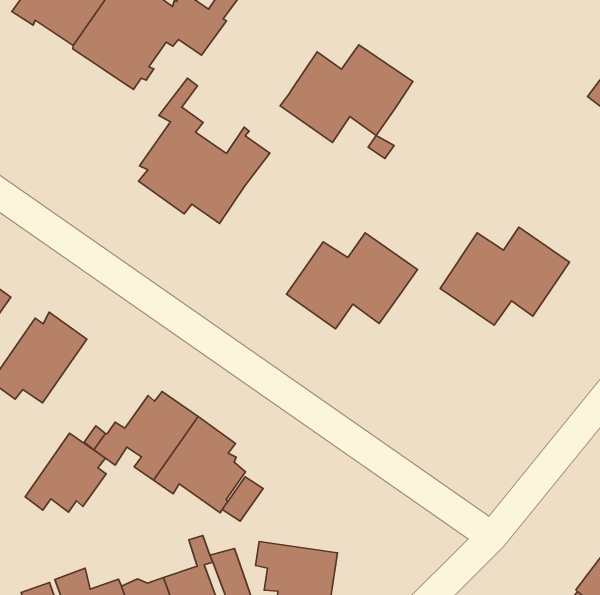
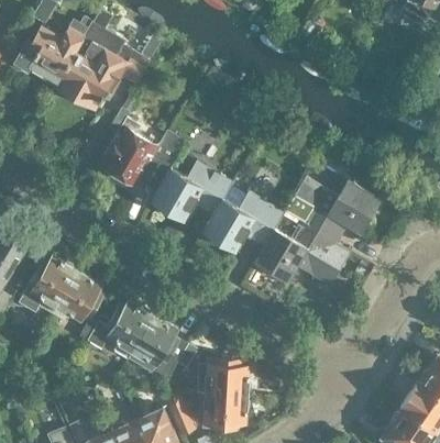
building: [280,45,413,143] -> [150,158,233,222]
building: none -> [253,221,351,286]
building: [25,433,106,512] -> [52,270,102,321]
building: none -> [197,358,249,395]

